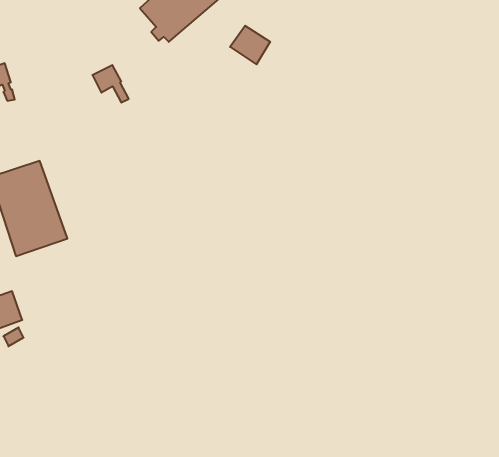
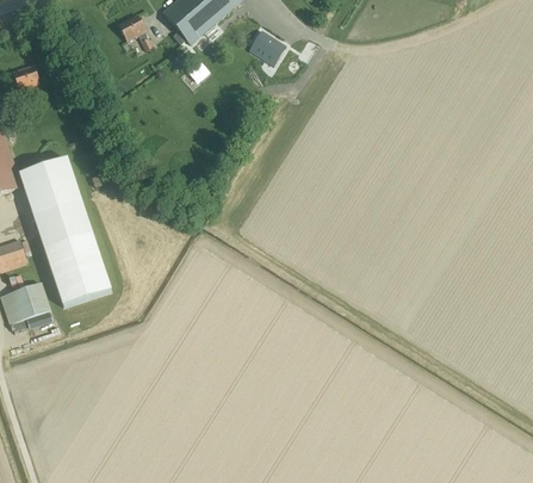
building: [92,65,129,103] -> [118,14,153,50]
building: none -> [44,231,111,304]

